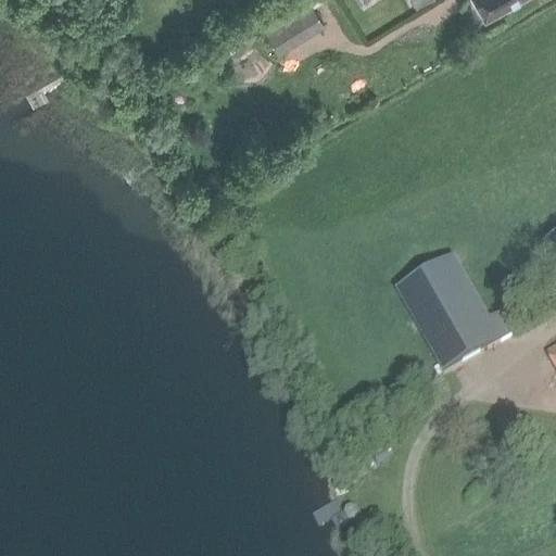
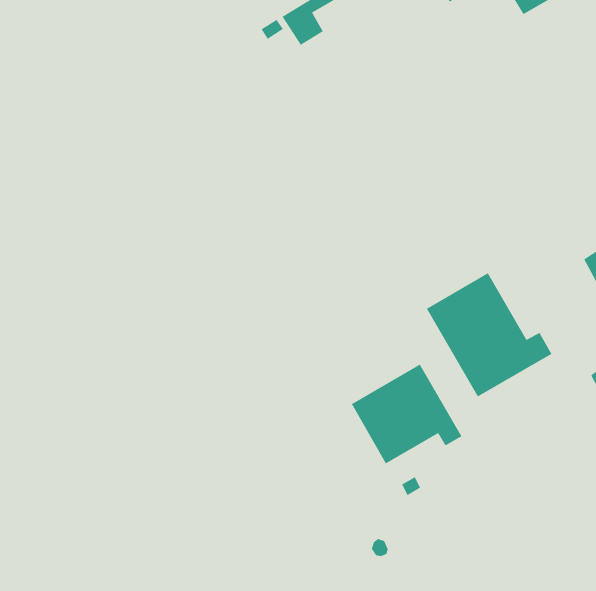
building: none -> [351,364,463,465]

